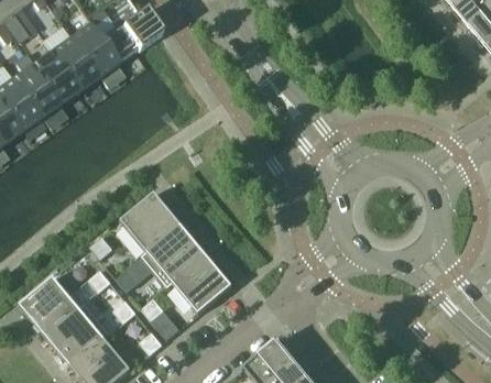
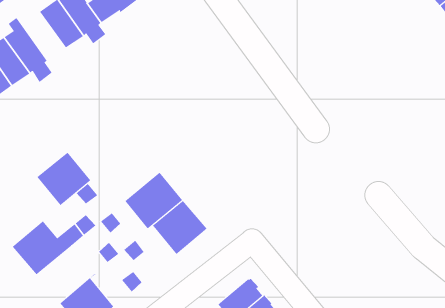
building: [23,48,77,101] -> none
building: [120,192,179,254] -> [37,152,91,210]
building: [45,303,109,365] -> none

